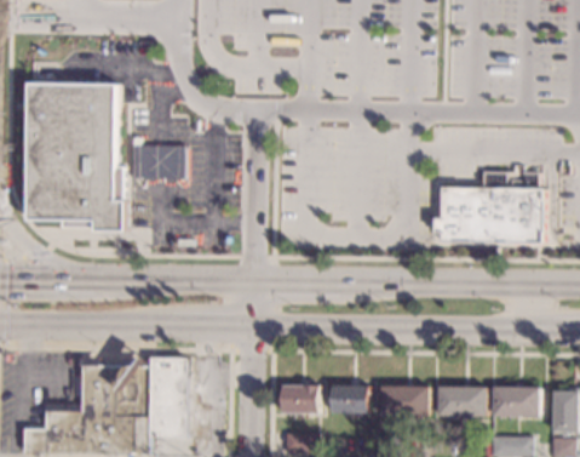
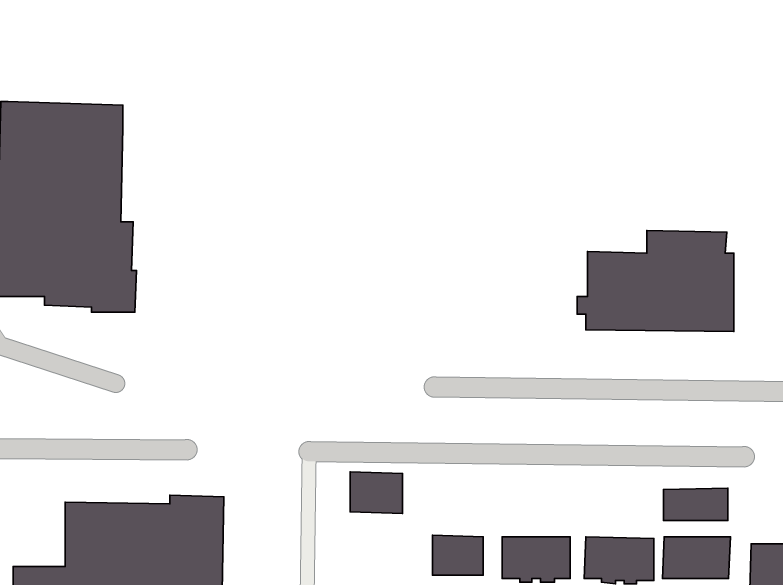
building: [132,145,184,179] -> none
building: none -> [664,488,728,521]
building: [282,385,318,415] -> [350,472,402,513]

